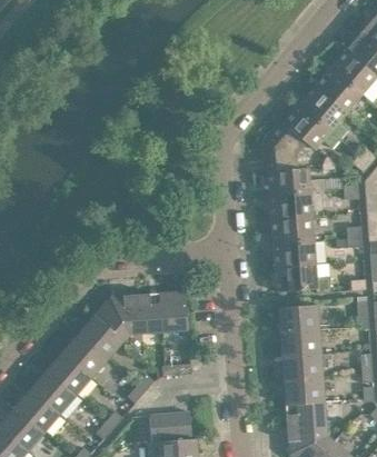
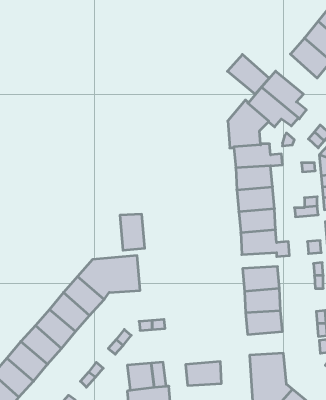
building: [315,68,361,112] -> [227,54,269,94]
building: [160,291,188,331] -> [120,214,145,250]
building: [284,377,324,404] -> [186,362,221,385]

